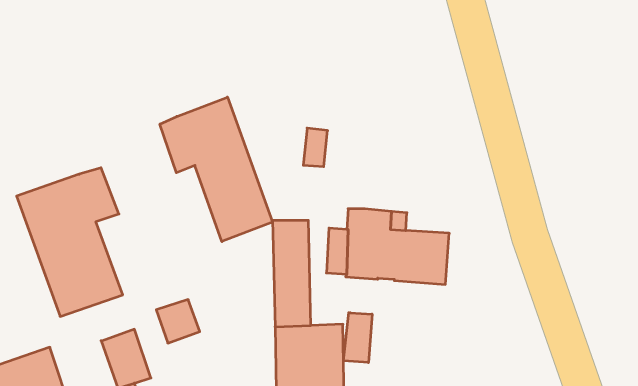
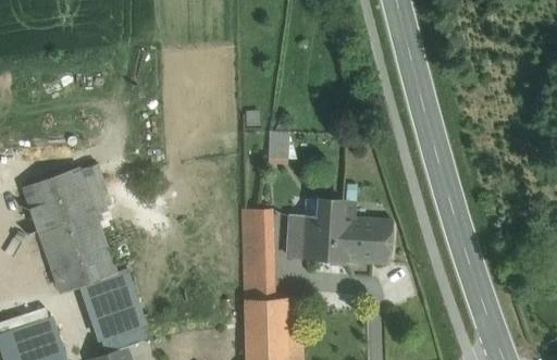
building: [160,97,273,242] -> none
building: [156,300,200,343] -> [87,274,124,311]
building: [344,313,372,363] -> none

